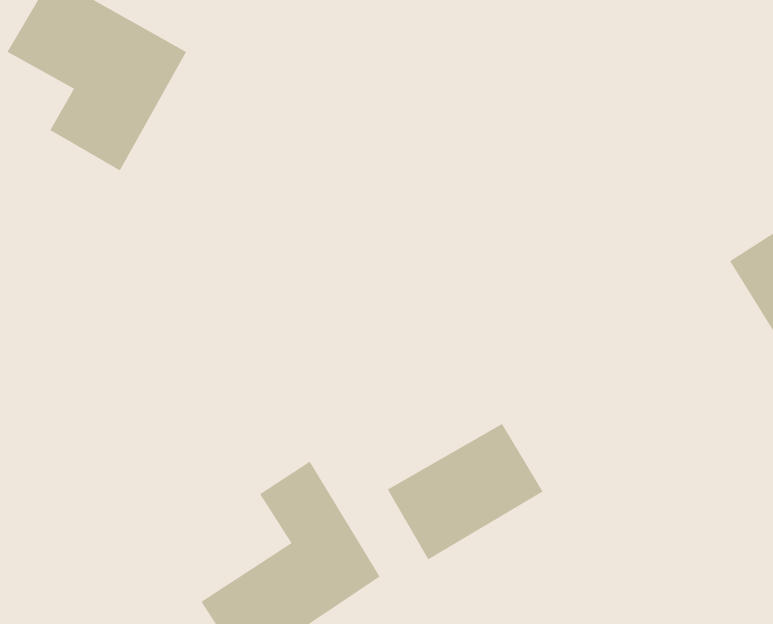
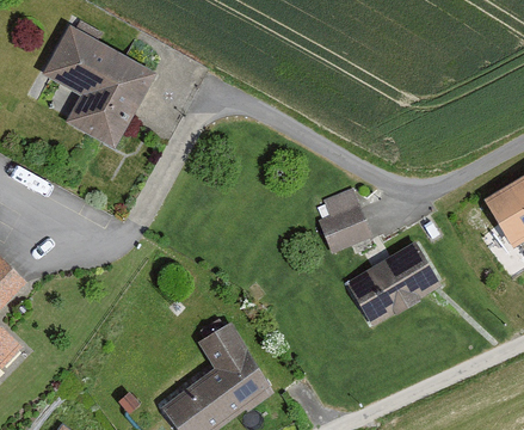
building: none -> [319,184,370,252]
building: [387,423,544,560] -> [346,240,442,324]

